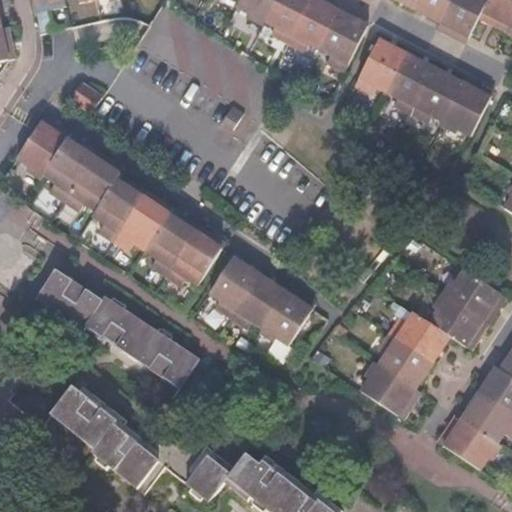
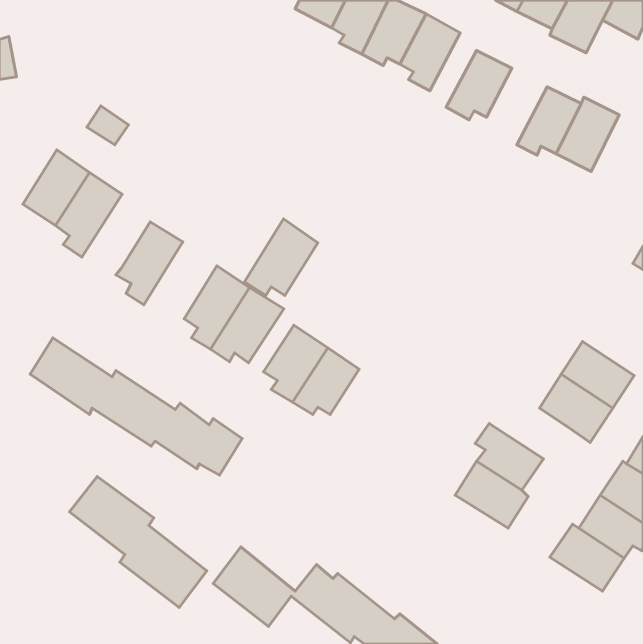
building: [386,54,434,115] -> none
building: [65,154,123,214] -> none
building: [114,192,172,253] -> [245,219,318,296]
building: [262,287,316,346] -> none
building: [388,313,449,364] -> none

